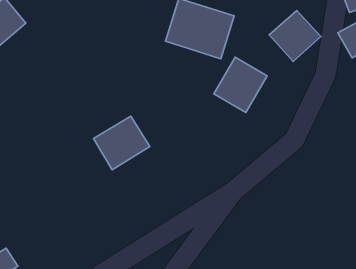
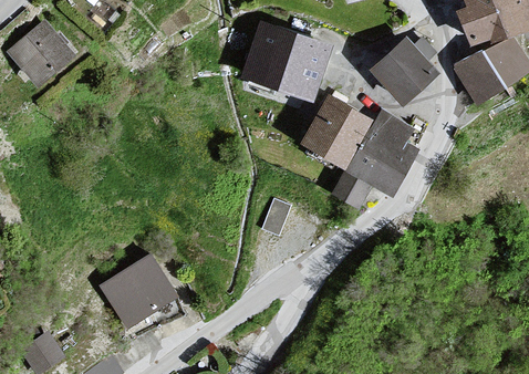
building: none -> [334,112,415,205]
building: [93,116,150,170] -> [103,258,173,324]

